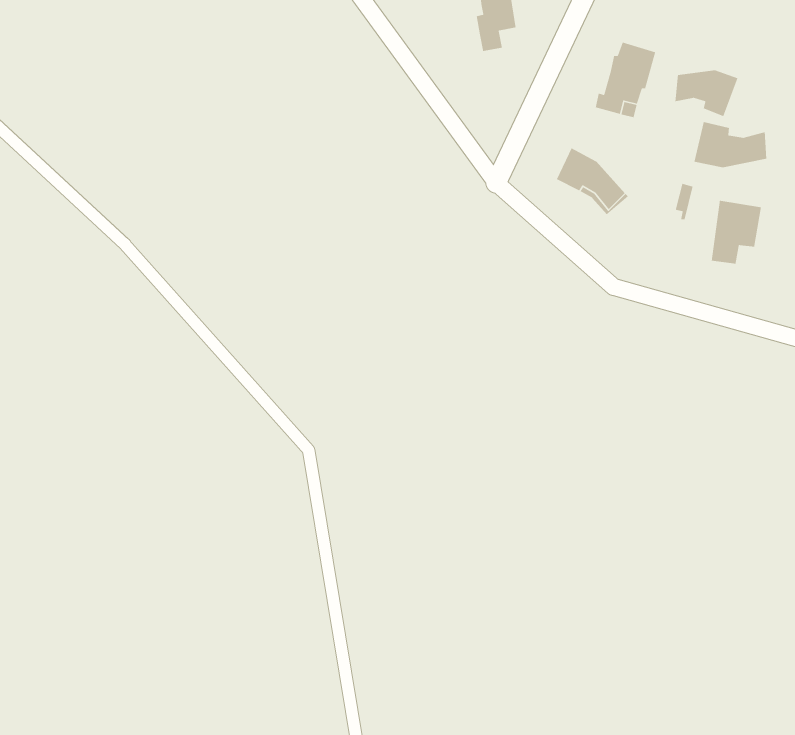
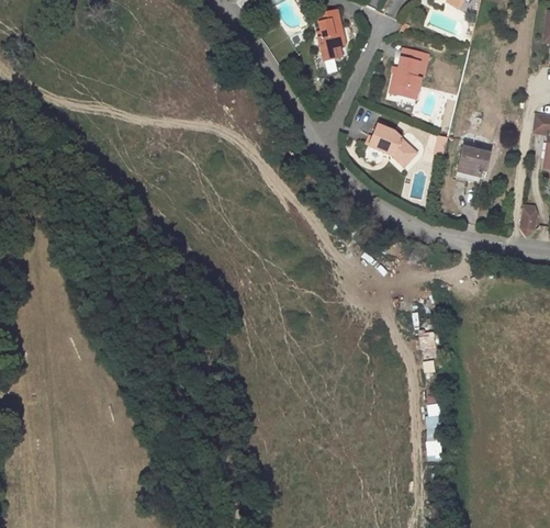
building: [674,70,738,117] -> none
building: [694,121,767,168] -> none

